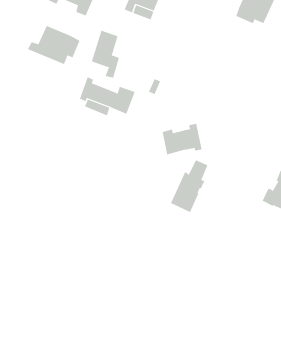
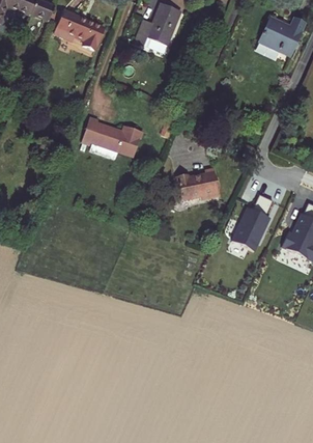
building: [27,25,80,65] -> none
building: [91,30,120,79] -> none
building: [170,159,208,213] -> [232,193,273,250]

